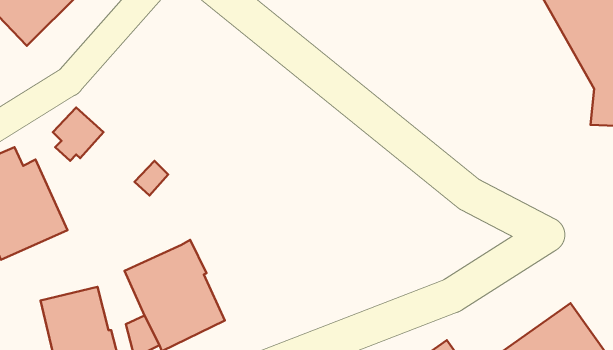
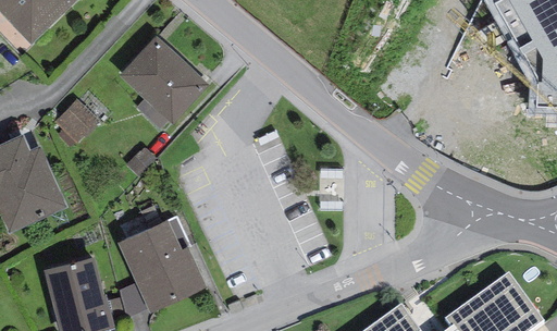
building: none -> [119,36,209,128]

